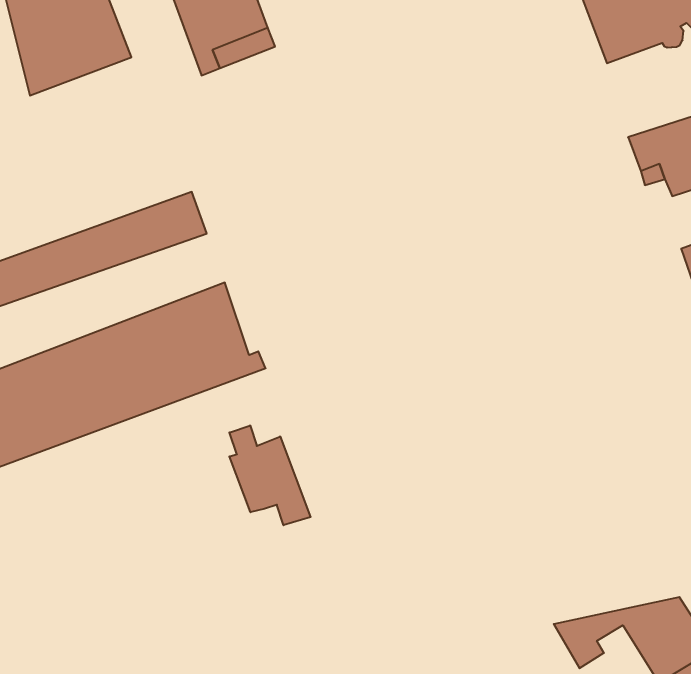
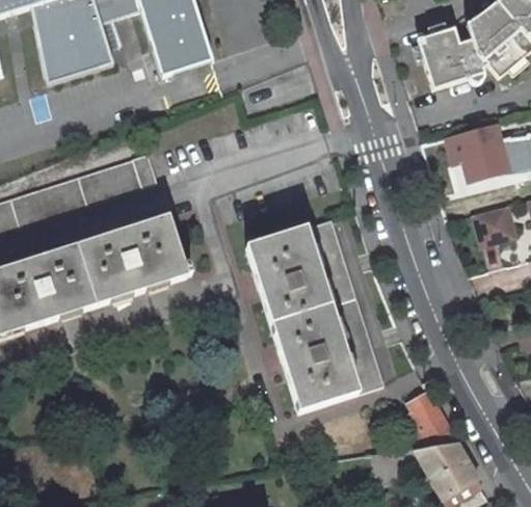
building: none -> [247,218,386,411]
building: [229,425,311,525] -> none
building: none -> [408,391,459,446]

